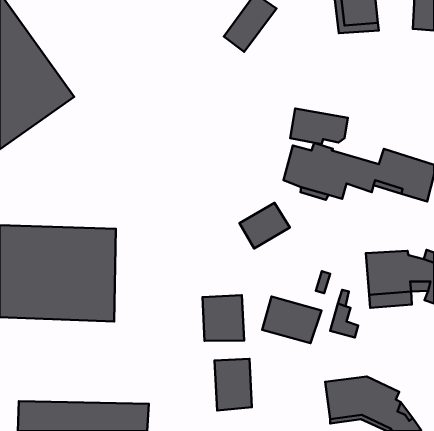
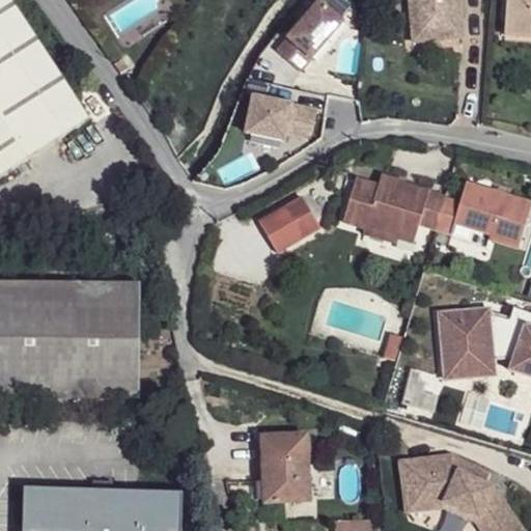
building: [290,109,348,144] -> [244,92,314,136]
building: [240,203,290,249] -> [262,197,324,253]
building: [203,295,244,341] -> none
building: [262,296,321,343] -> none

